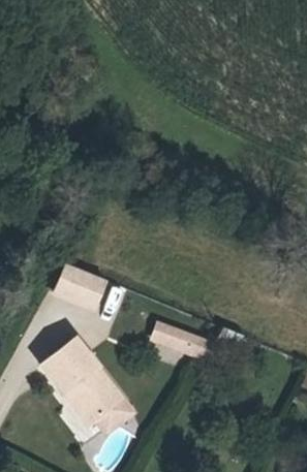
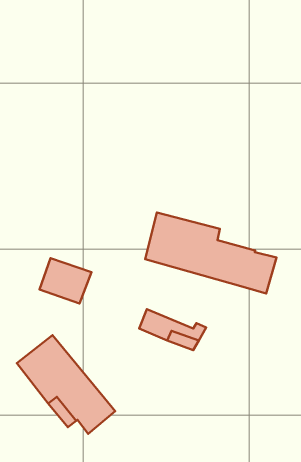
building: none -> [145,213,277,294]

